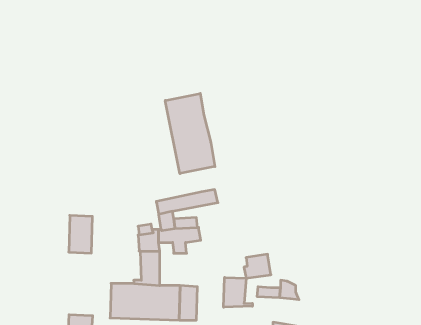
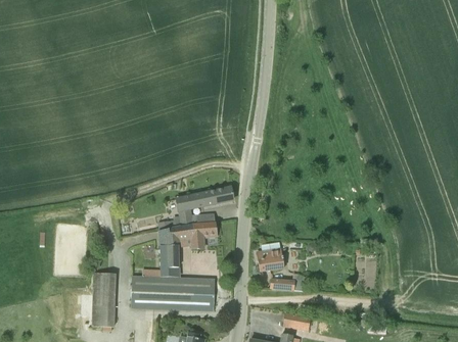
building: [165,93,215,174] -> none
building: [69,215,92,253] -> [92,271,114,306]
building: [224,277,252,307] -> none

